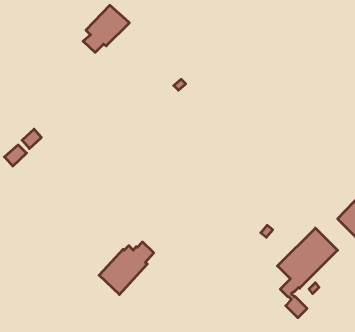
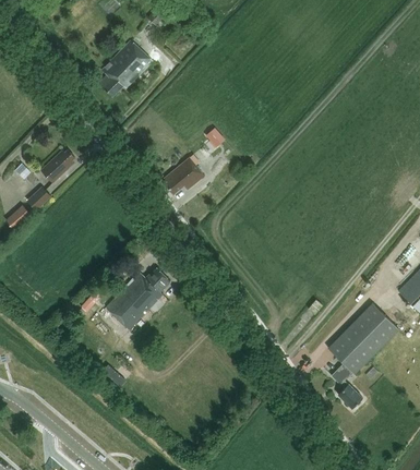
building: none -> [40,149,74,183]
building: none -> [164,155,204,194]
building: [99,242,154,295] -> [105,268,169,330]

